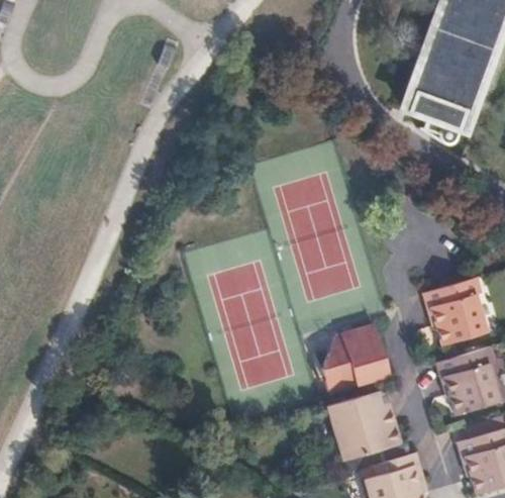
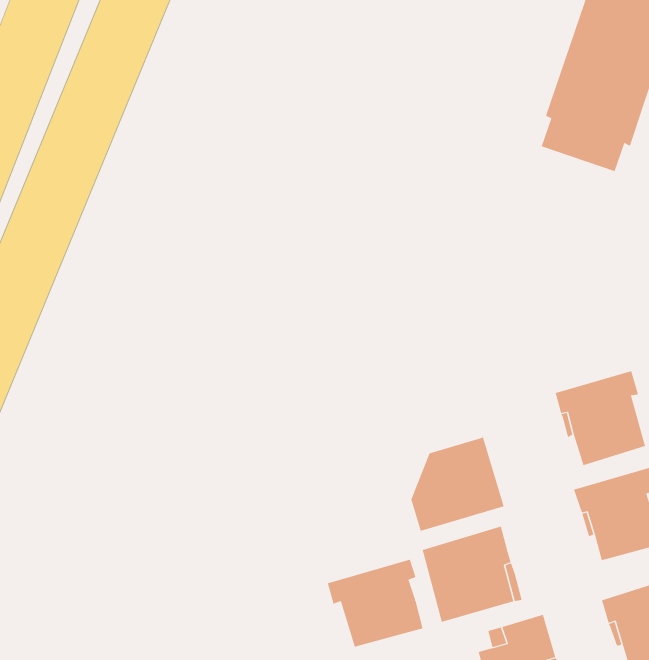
building: none -> [327,559,423,648]

